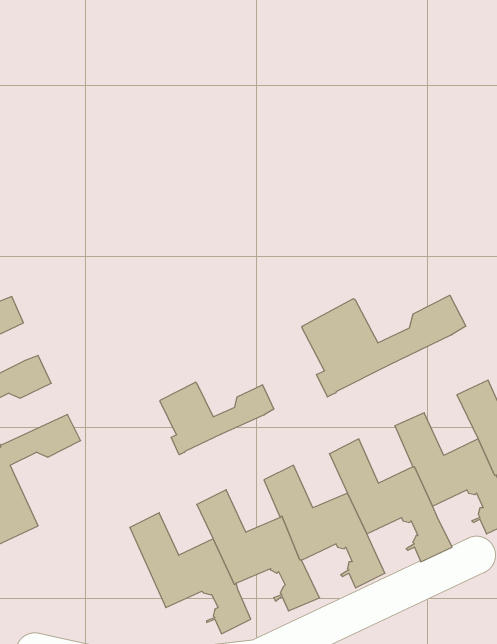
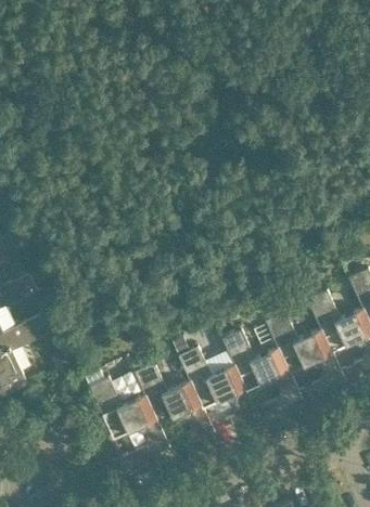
building: [302,295,466,397] -> none
building: [160,382,274,455] -> none

